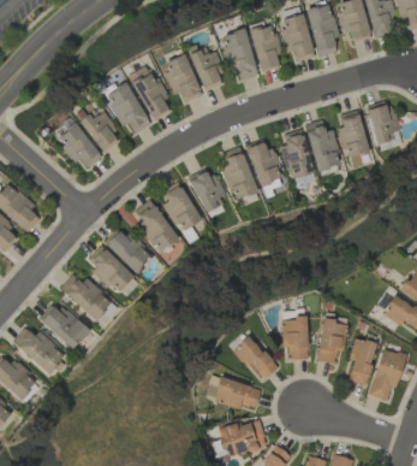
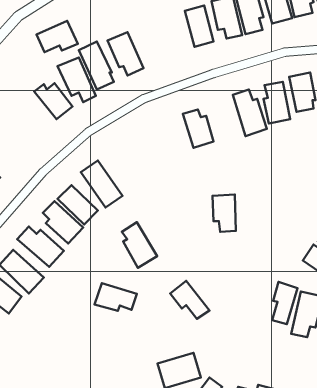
building: [221,29,257,82] -> none
building: none -> [37,21,78,52]
building: [189,45,222,92] -> none
building: [56,123,101,171] -> none
building: [281,129,312,179] -> none
building: [224,147,255,200] -> none
building: [189,167,225,212] -> none
building: [161,182,201,234] -> [122,222,157,268]
building: [281,318,308,360] -> [213,195,236,232]
building: [317,320,346,364] -> none
building: [213,378,261,409] -> [94,283,137,311]

